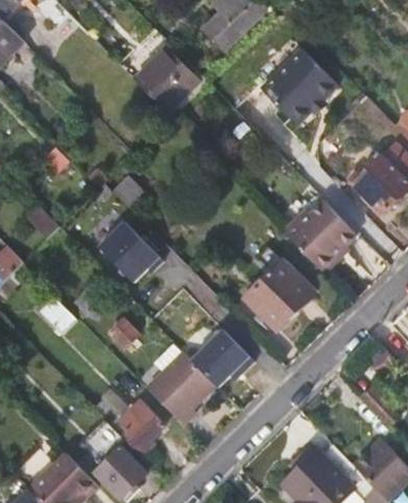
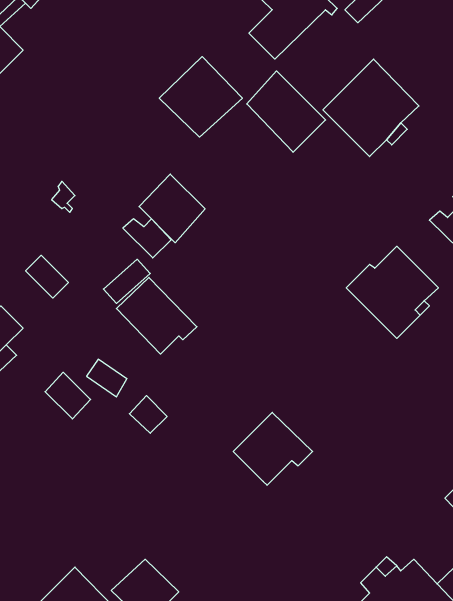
building: none -> [247,71,326,152]
building: none -> [139,174,205,243]
building: [243,257,317,331] -> none
building: [147,342,215,423] -> none
building: [94,399,164,457] -> none

